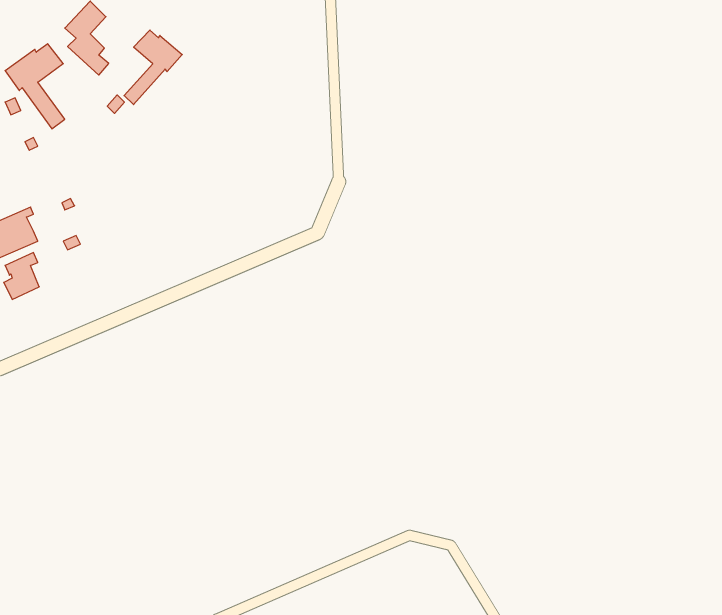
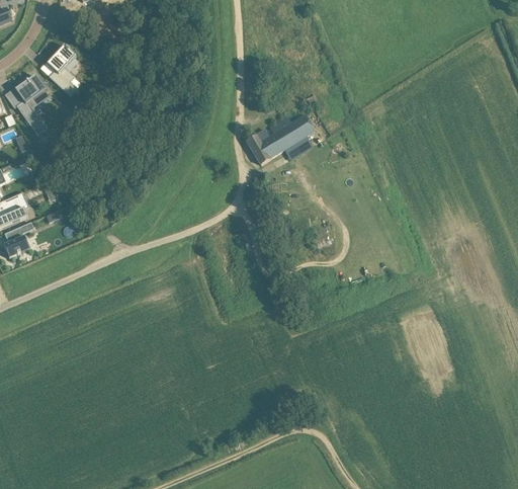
building: [124,30,182,105] -> none
building: none -> [247,114,316,164]

